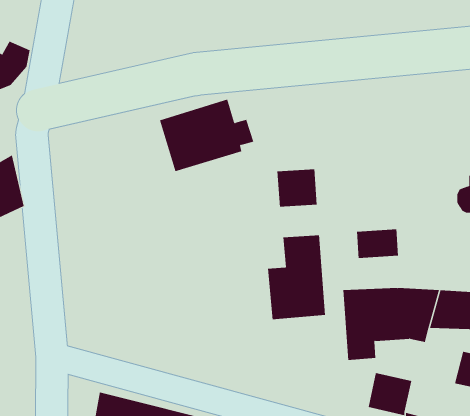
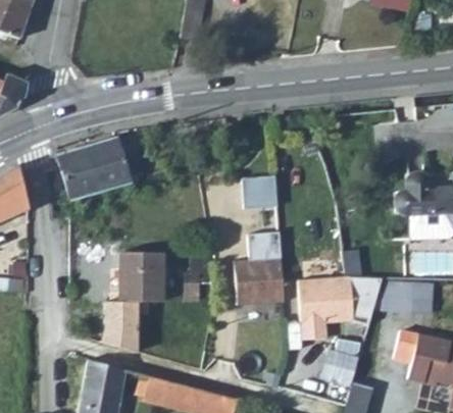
building: [159,99,254,172] -> [57,137,138,199]
building: [356,228,399,259] -> none
building: none -> [103,253,162,348]

